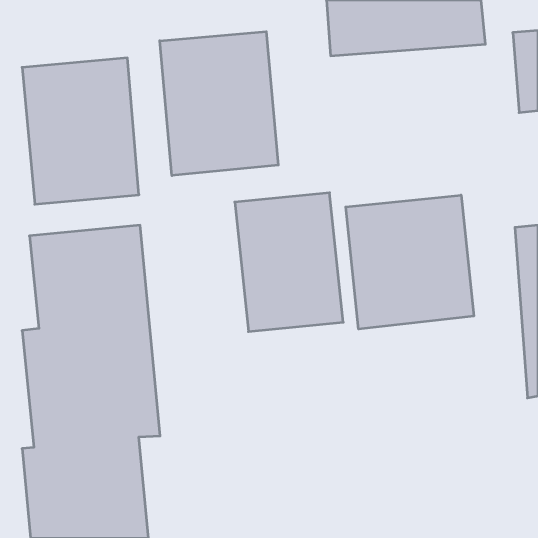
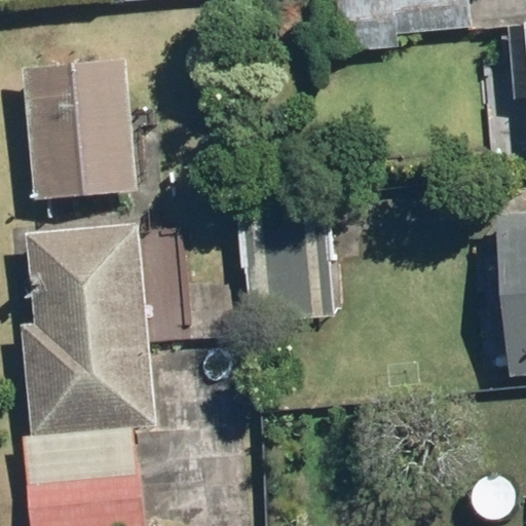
building: [160,32,278,176] -> none
building: [346,195,474,329] -> none

